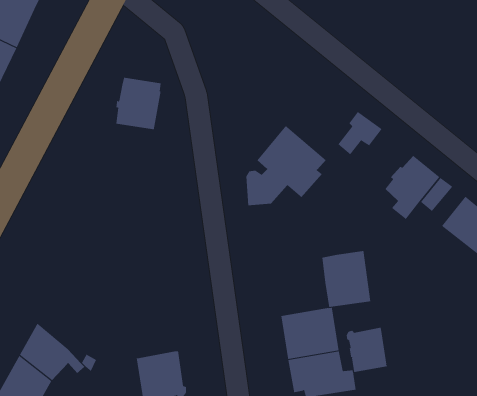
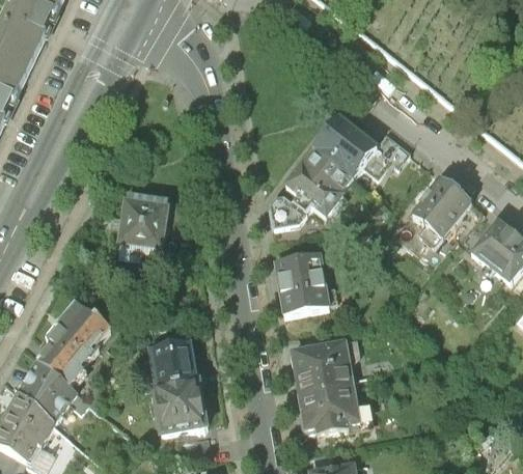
building: [115,77,161,130] -> [114,193,162,248]
building: none -> [304,115,373,184]
building: [321,250,371,307] -> [284,251,336,310]
building: none -> [46,295,118,380]
building: none -> [145,344,190,389]
building: [346,327,388,373] -> none

